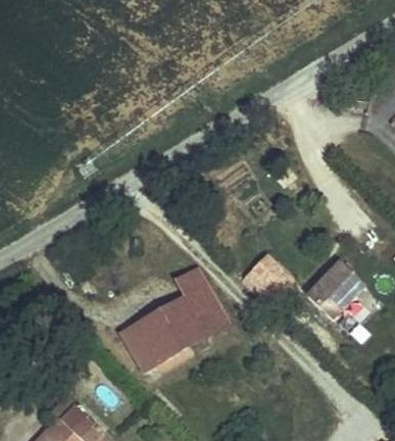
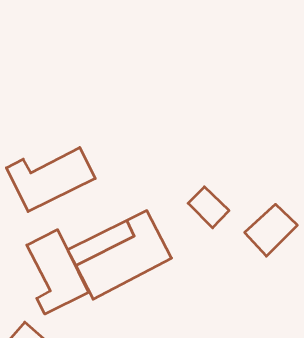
building: none -> [6,147,95,212]
building: none -> [27,230,89,314]

